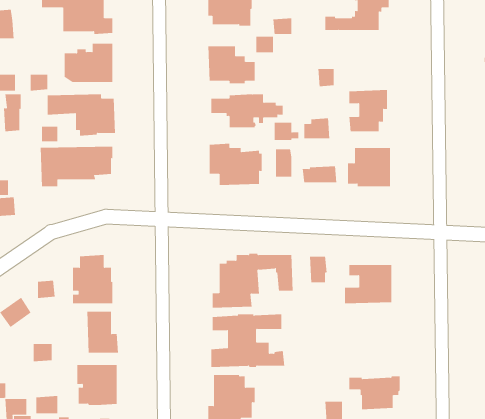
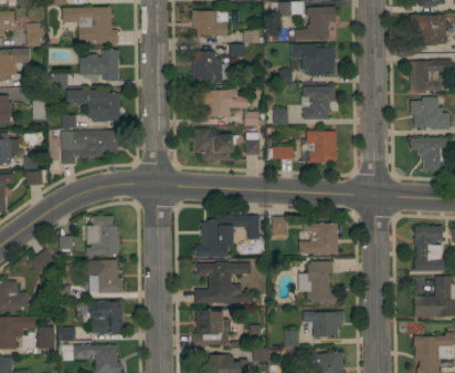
building: none -> [290,45,335,76]
building: none -> [298,261,338,303]

